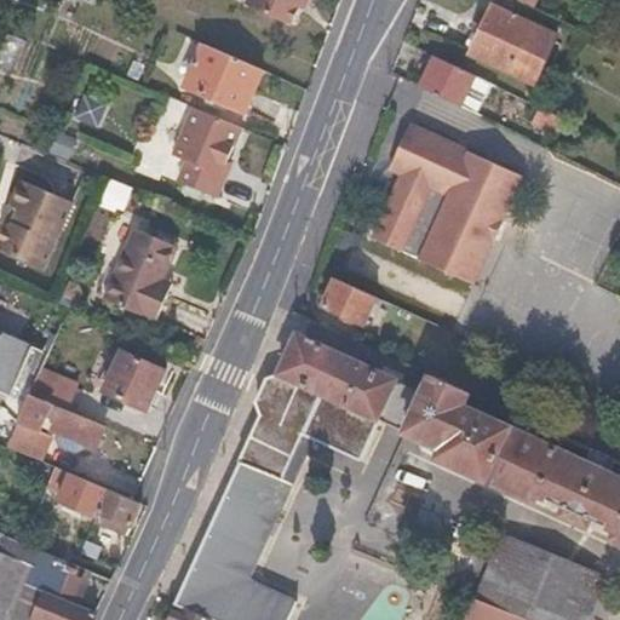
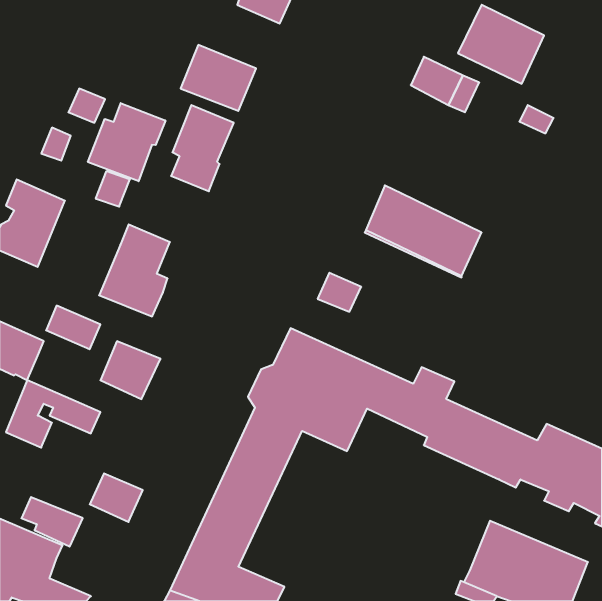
building: none -> [88,103,165,181]
building: [390,127,521,239] -> none
building: [28,364,84,409] -> [46,306,100,349]
building: [44,464,107,515] -> [21,497,83,547]

